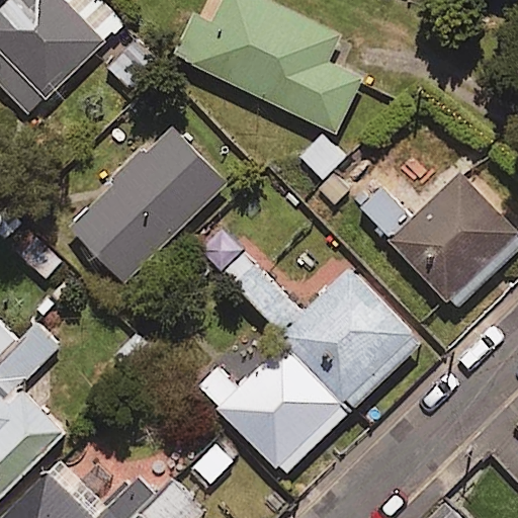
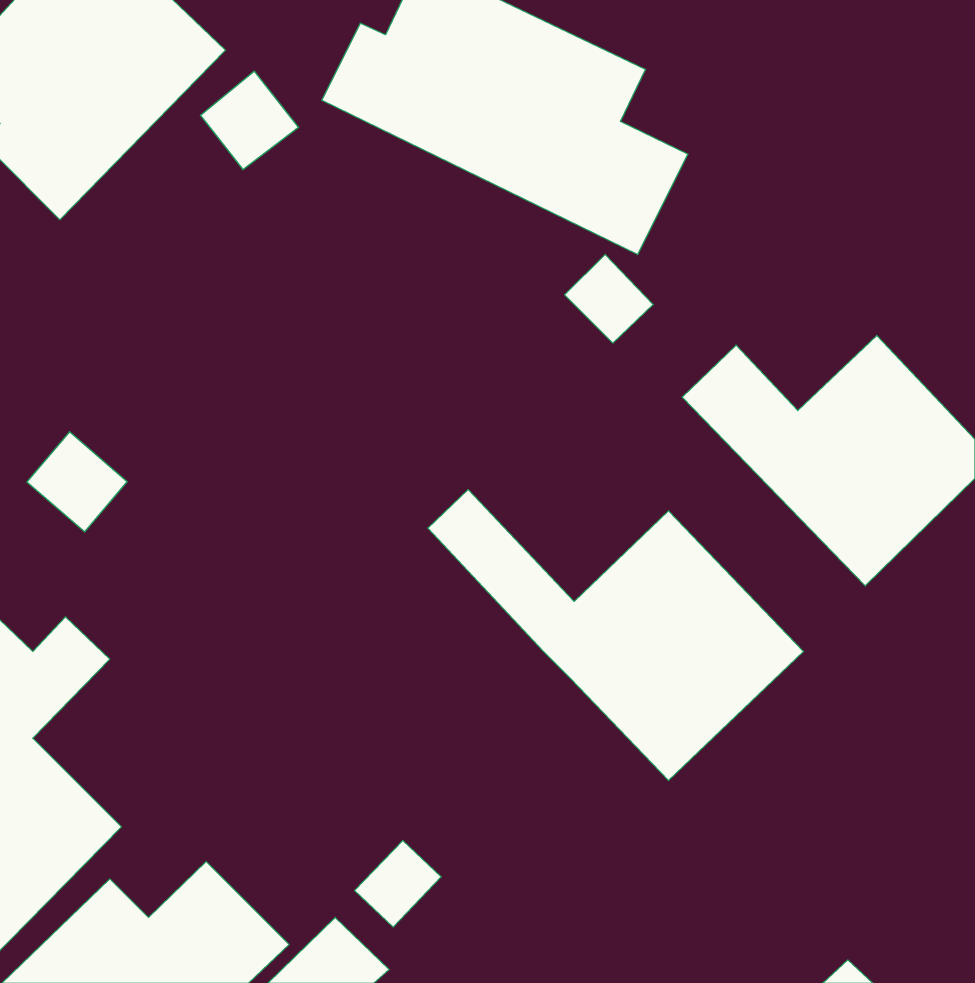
building: [67,124,226,284] -> none
building: [197,342,351,474] -> none

